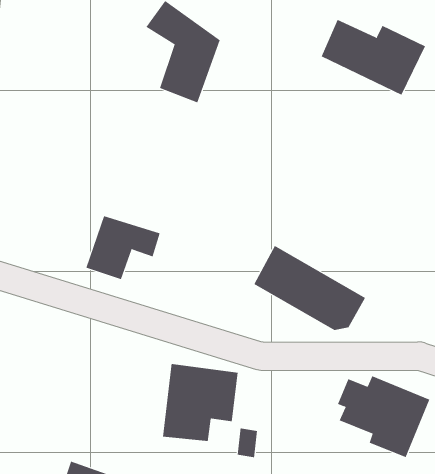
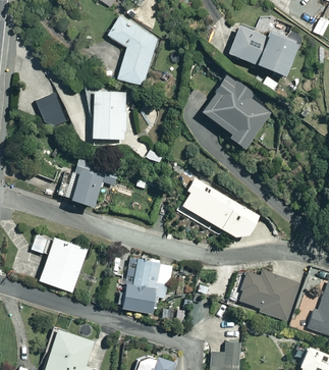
building: none -> [201,76,269,150]
building: none -> [89,90,127,140]
building: none -> [35,95,66,130]
building: none -> [38,234,91,293]

